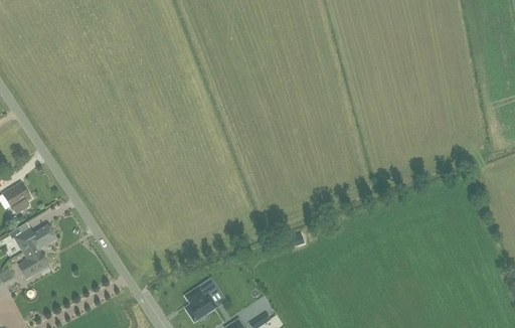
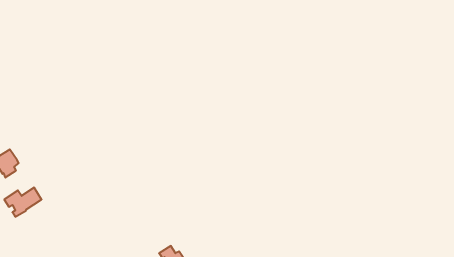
building: [20,249,49,277] -> none

